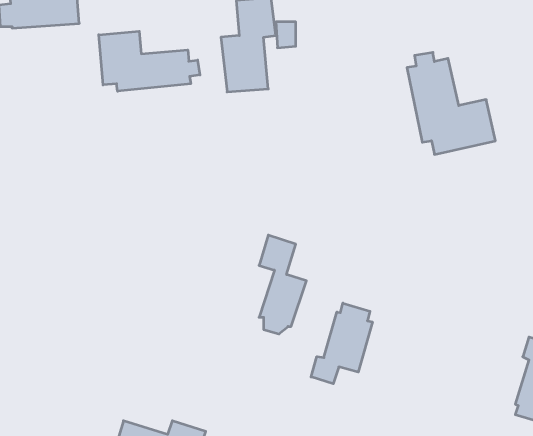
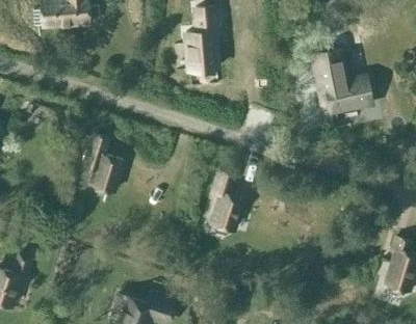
building: [99,31,200,91] -> none
building: none -> [84,134,123,191]
building: [311,303,372,384] -> none

